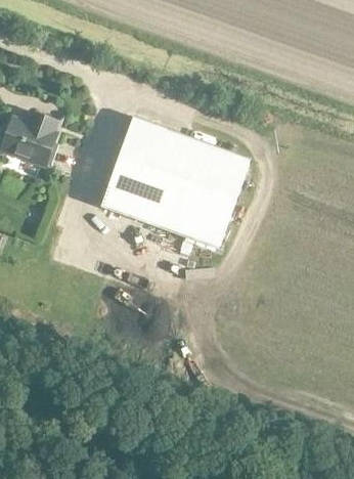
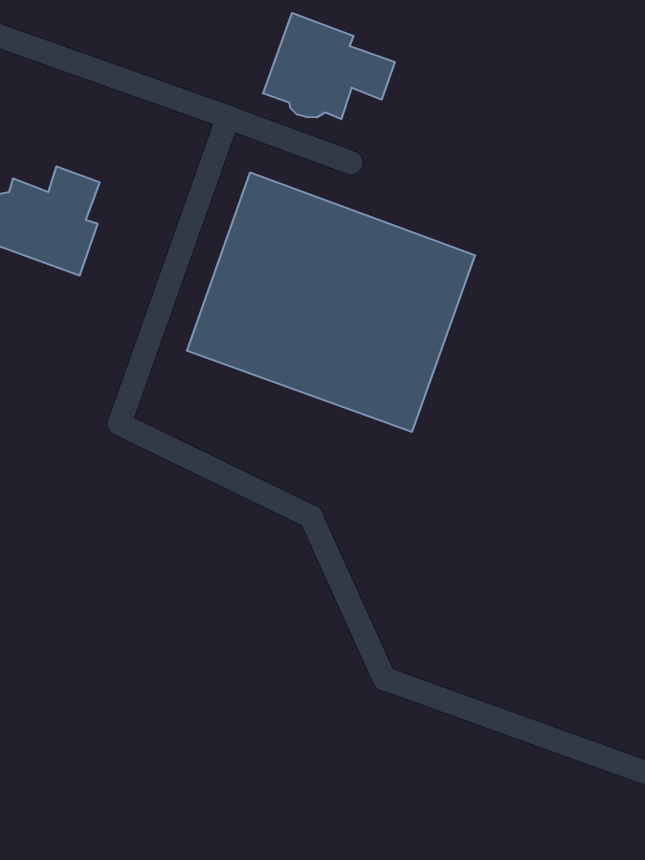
building: none -> [263,13,395,119]

